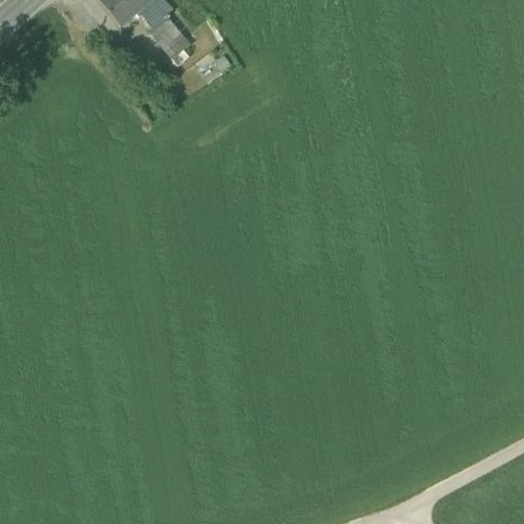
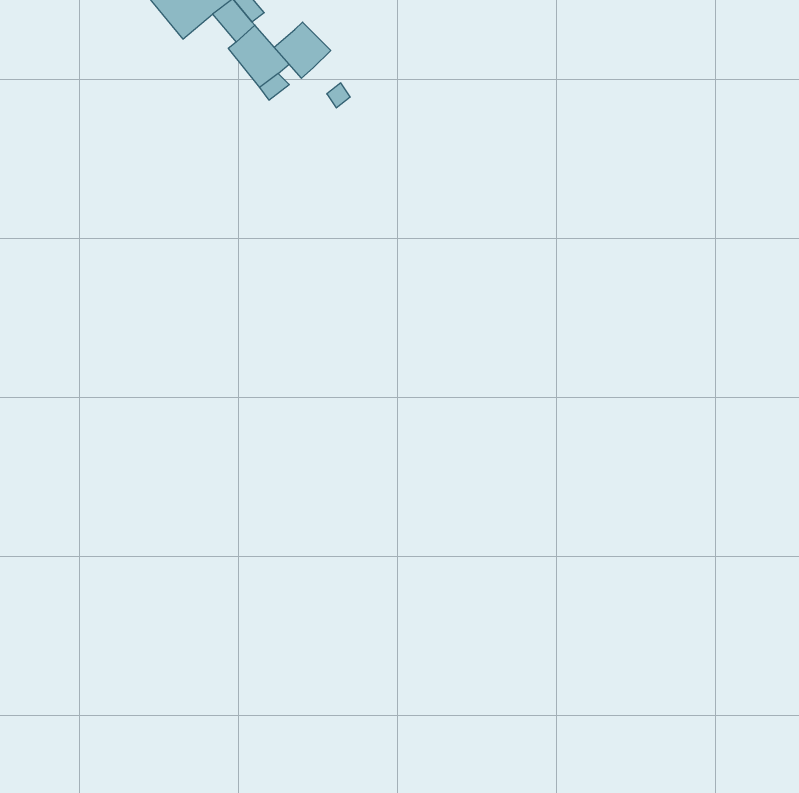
building: none -> [274,22,331,78]

